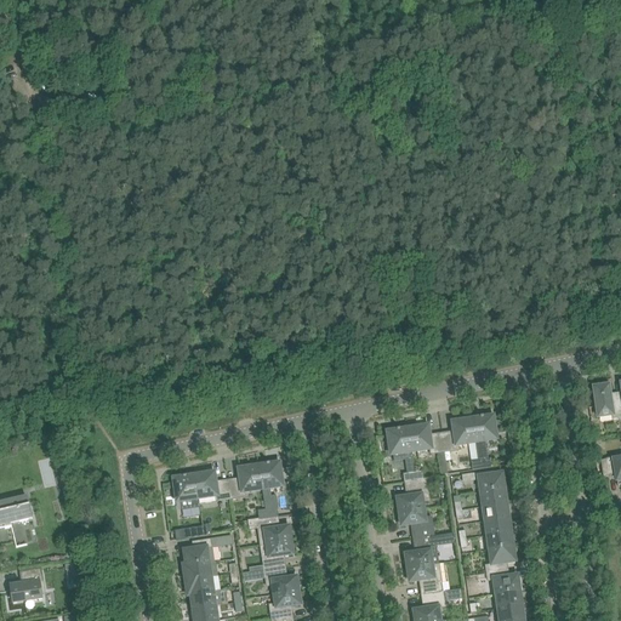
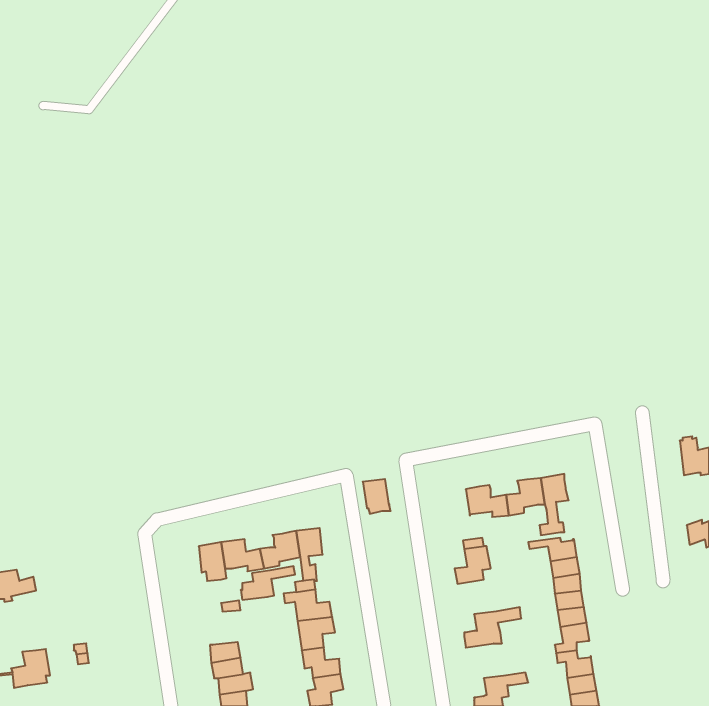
building: [387,427,411,457] -> [363,479,391,514]
building: [399,506,433,536] -> none
building: [184,534,232,563] -> [241,566,295,600]
building: [406,562,441,592] -> none

